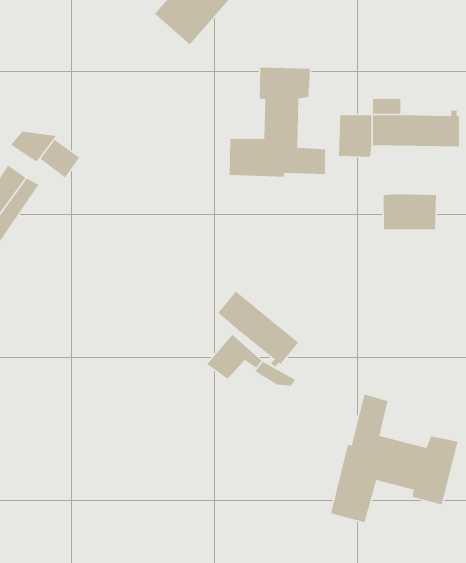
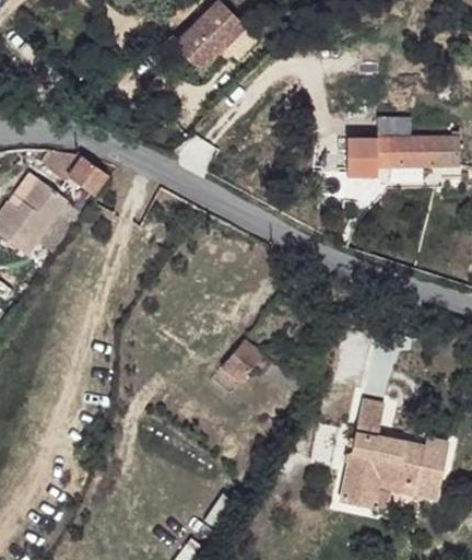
building: [229,67,326,177] -> none
building: [383,194,437,230] -> none
building: [217,291,299,368] -> none

